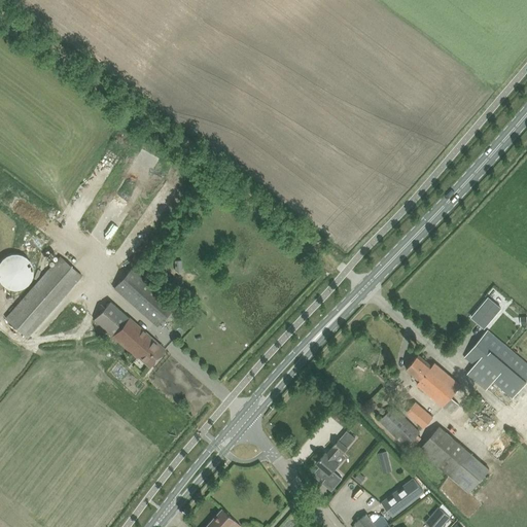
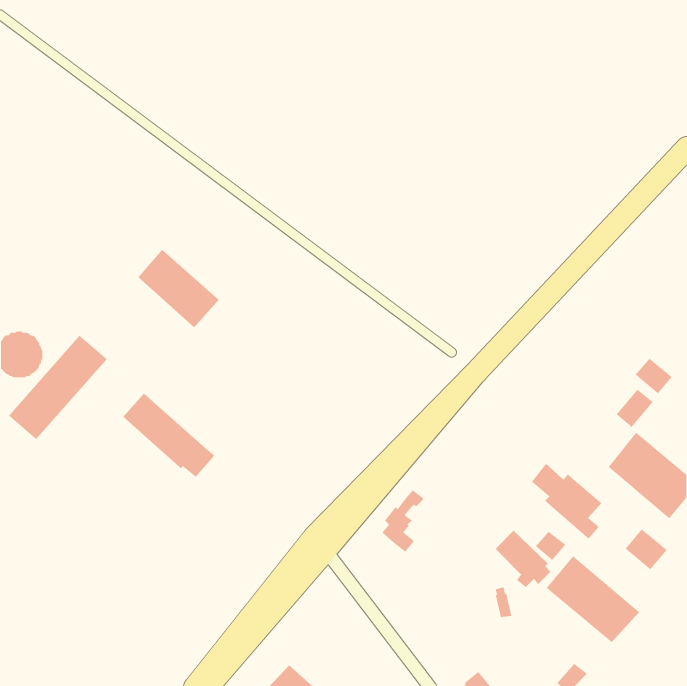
building: [113,267,176,327] -> [138,249,220,328]
building: none -> [635,358,672,394]
building: none -> [625,529,667,570]
building: [315,441,348,489] -> [381,489,424,553]
building: [382,479,424,517] -> none

